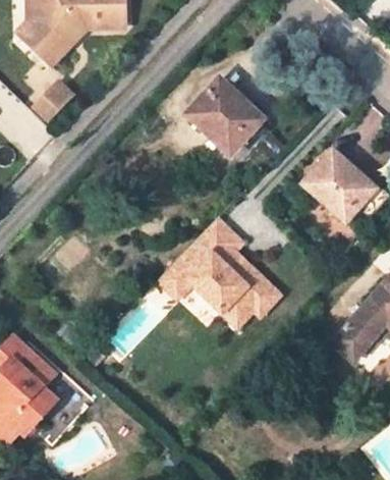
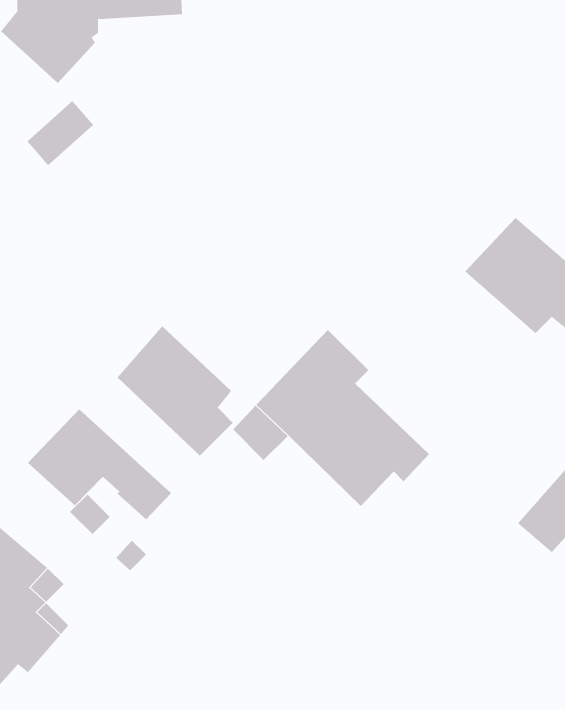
building: [188,79,264,154] -> none
building: none -> [117,326,233,457]
building: none -> [27,409,172,520]

